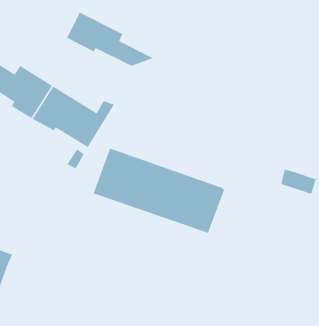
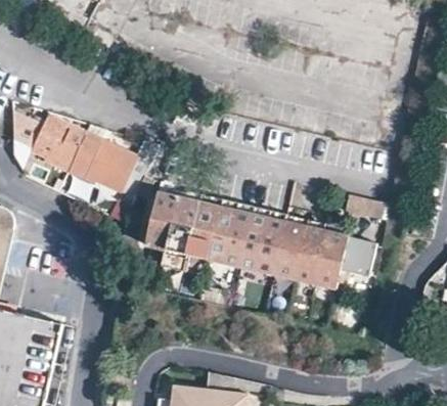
building: [66,12,154,67] -> none
building: none -> [276,223,379,286]

